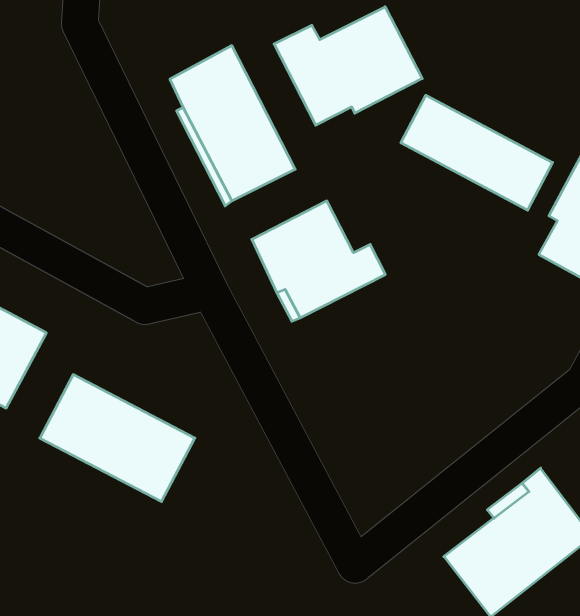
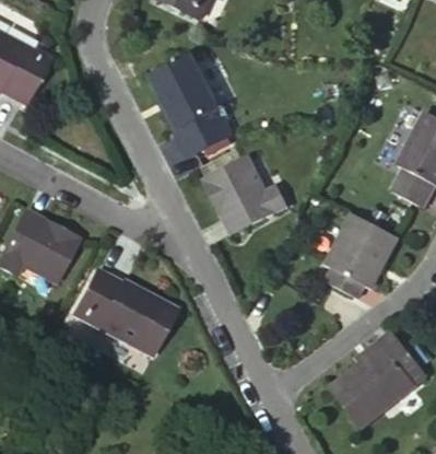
building: [274,7,422,125] -> none
building: [401,95,553,210] -> none
building: none -> [327,212,399,298]

